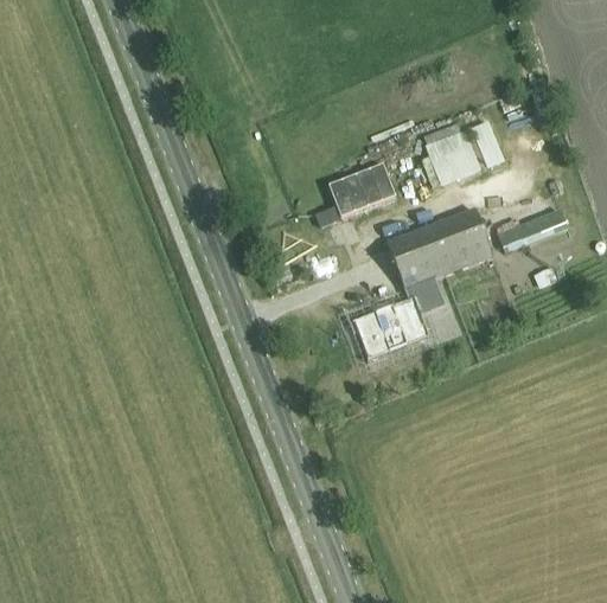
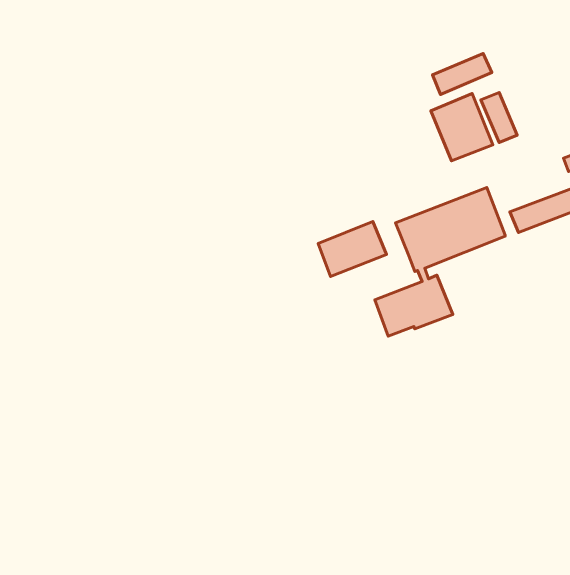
building: none -> [433,54,492,94]
building: [328,162,395,216] -> [318,222,386,276]

